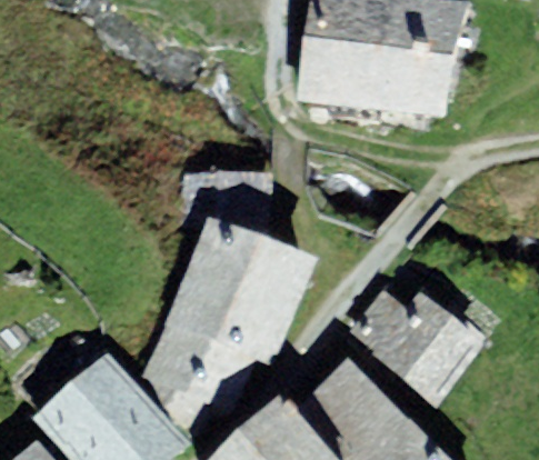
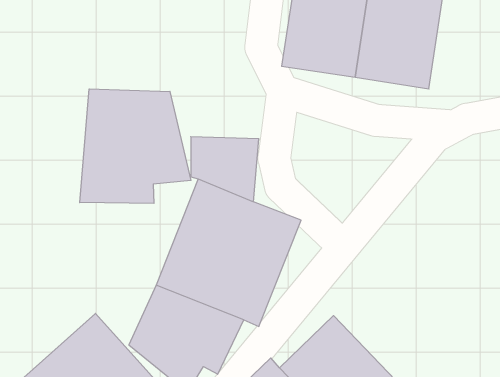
building: none -> [80,89,191,203]
building: [345,289,487,409] -> none

